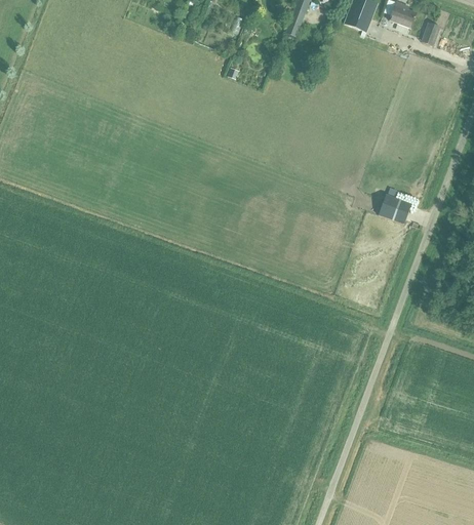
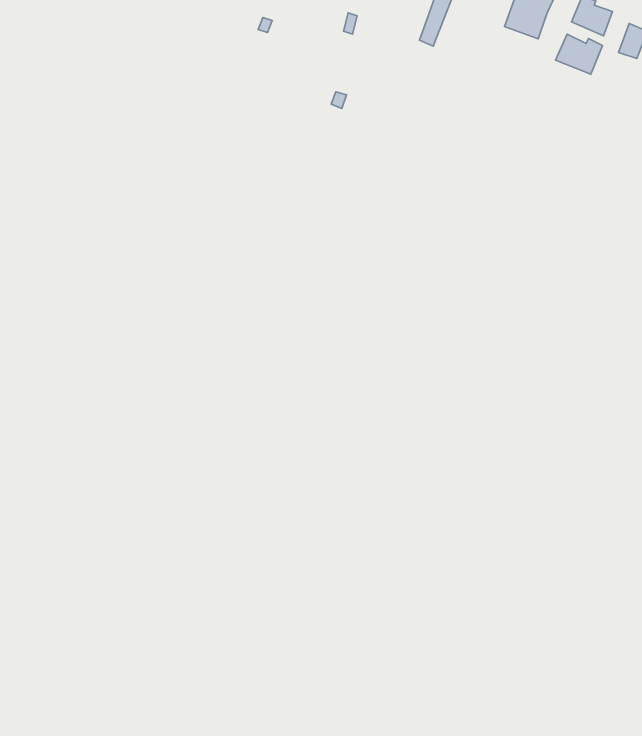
building: none -> [556,34,602,74]
building: [378,193,410,221] -> none

